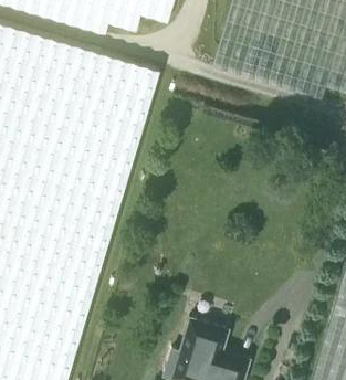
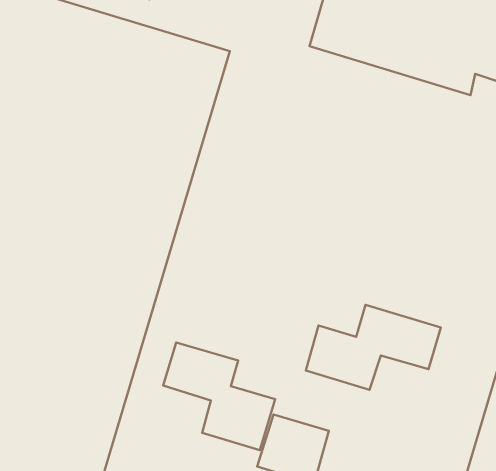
building: none -> [306,305,441,390]
building: none -> [163,343,275,450]

